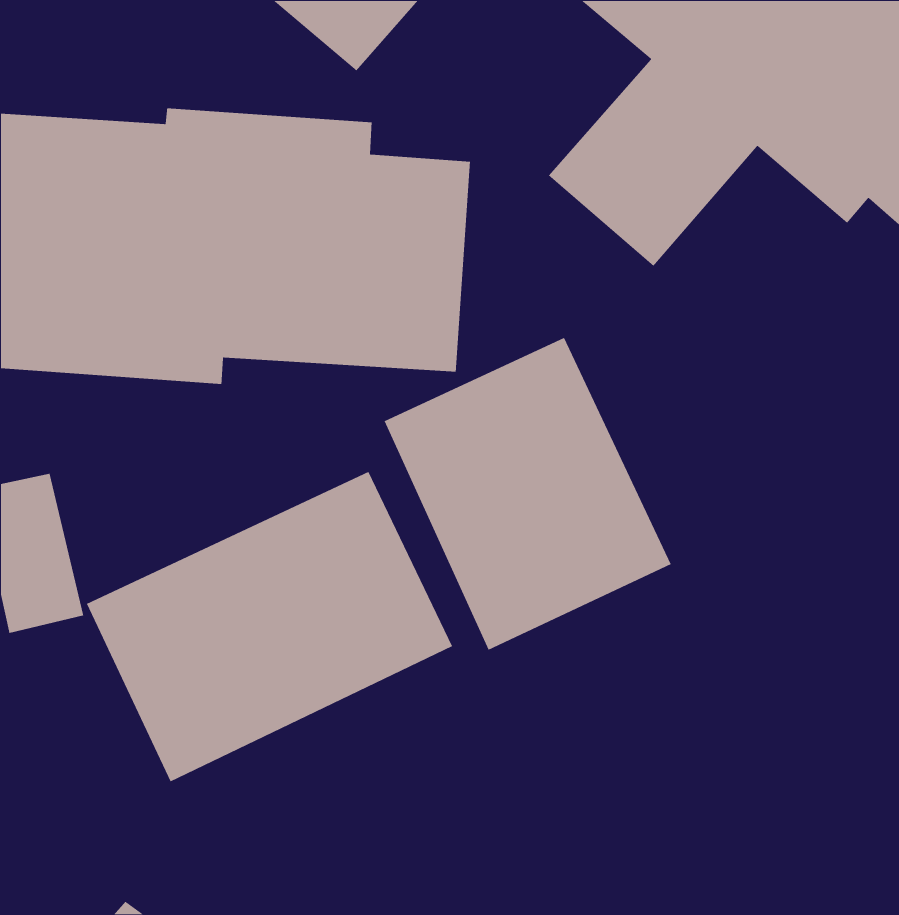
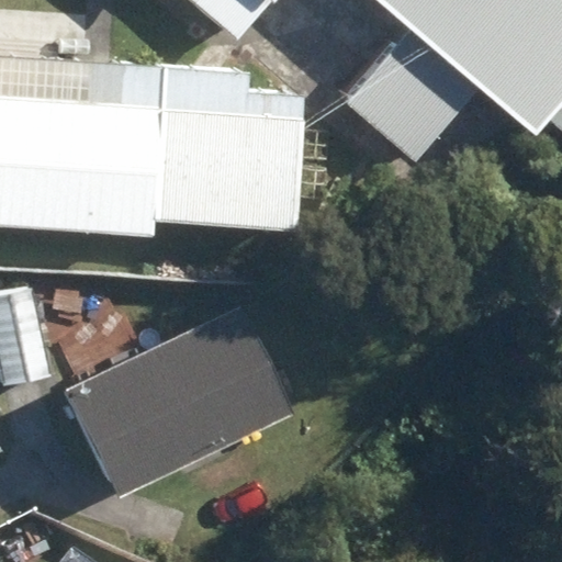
building: [383,337,672,651] -> none

